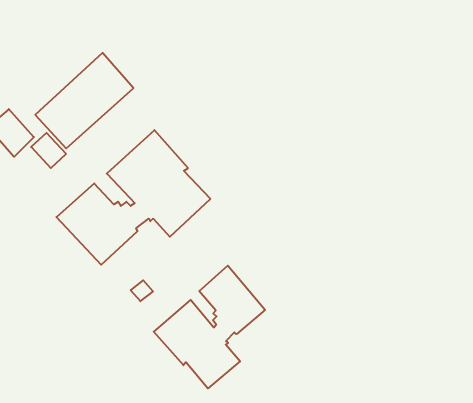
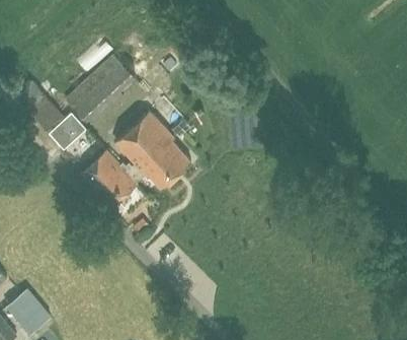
building: [154,266,265,388] -> none

